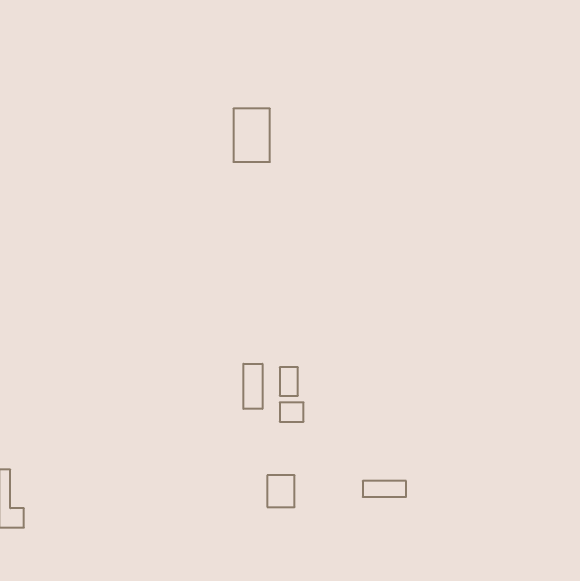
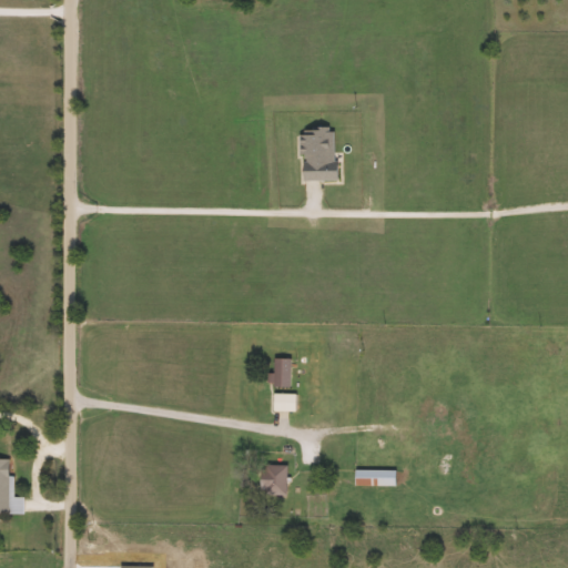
building: [233,109,270,162] -> [301,129,336,181]
building: [243,364,262,409] -> none

